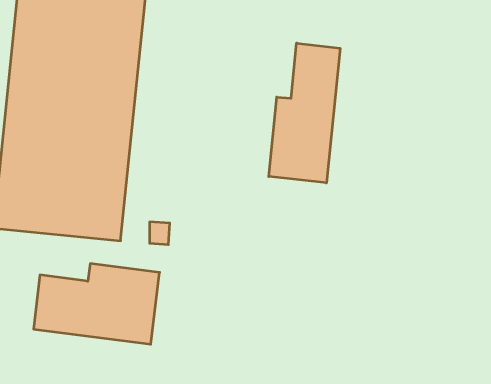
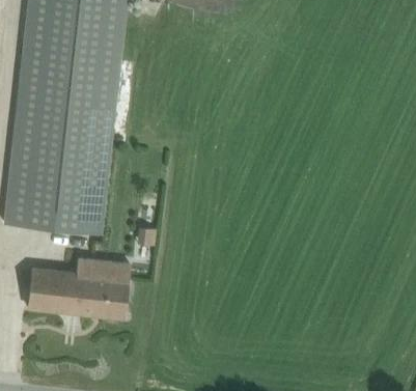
building: [269,43,340,183] -> none

